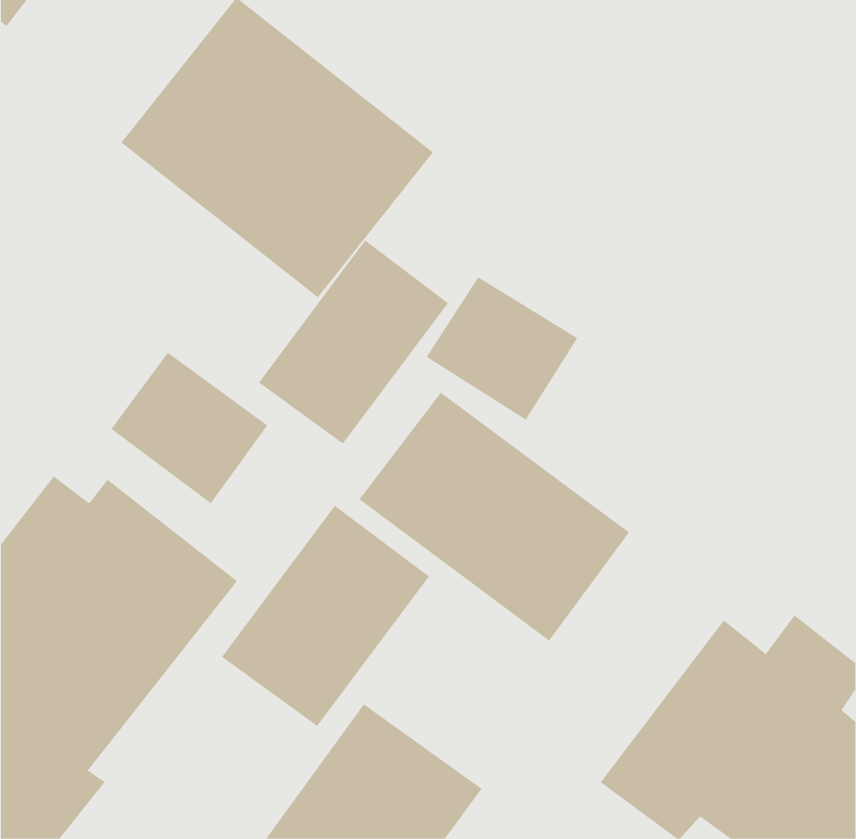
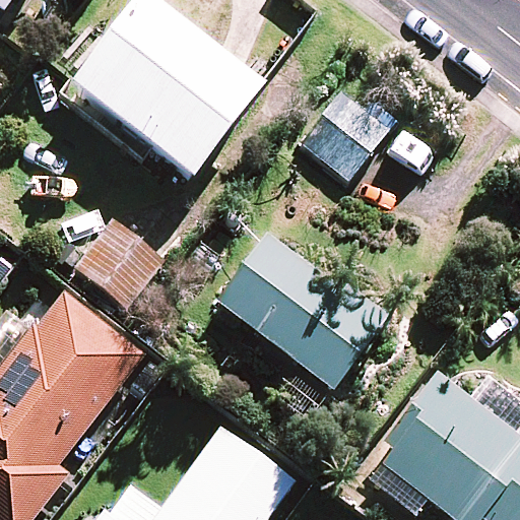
building: [258,240,449,444] -> none
building: [426,276,578,420] -> [295,87,387,175]
building: [221,505,430,727] -> none

